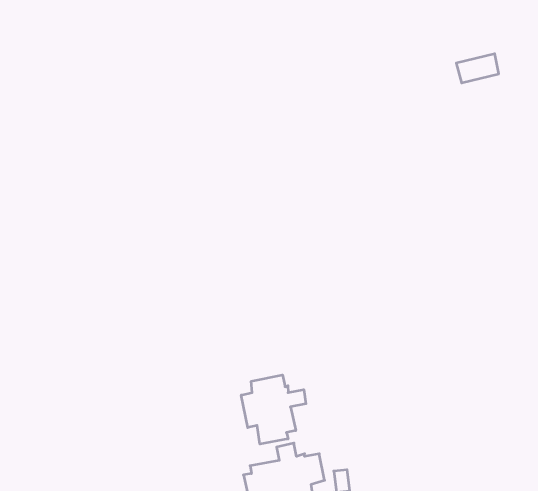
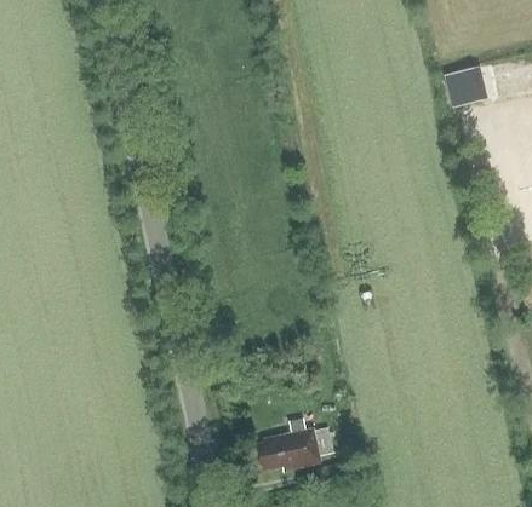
building: [241,375,306,444] -> none

